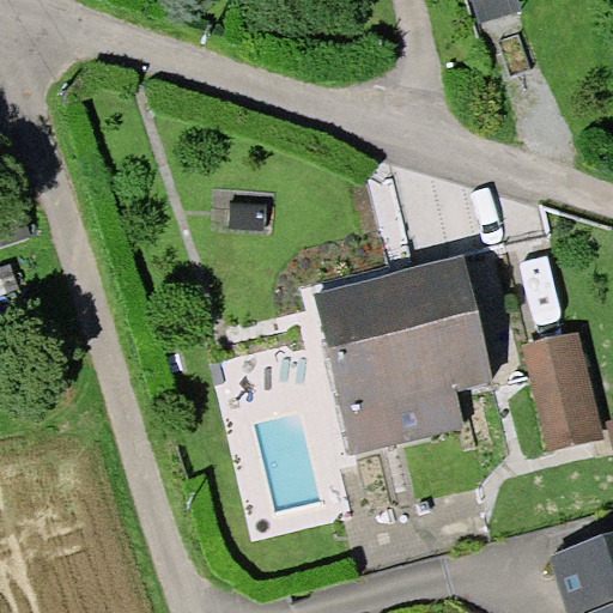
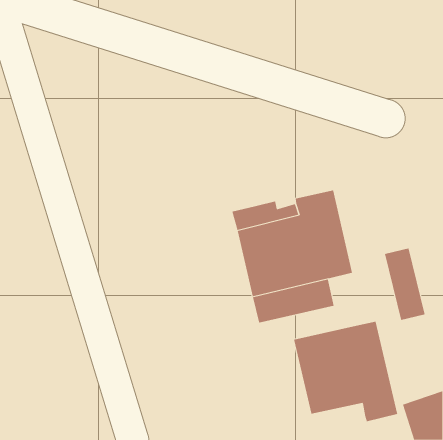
building: none -> [293,321,398,422]

